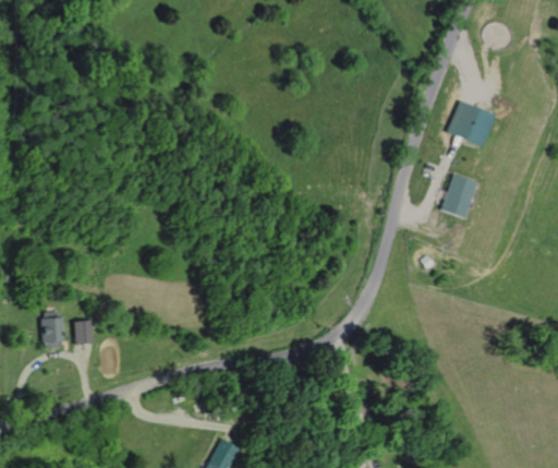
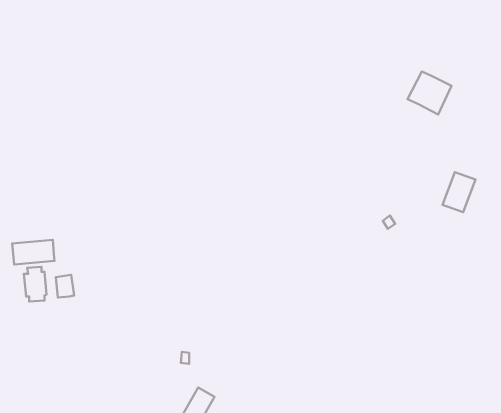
building: [441,176,476,218] -> [443,172,475,212]
building: none -> [12,240,55,265]

